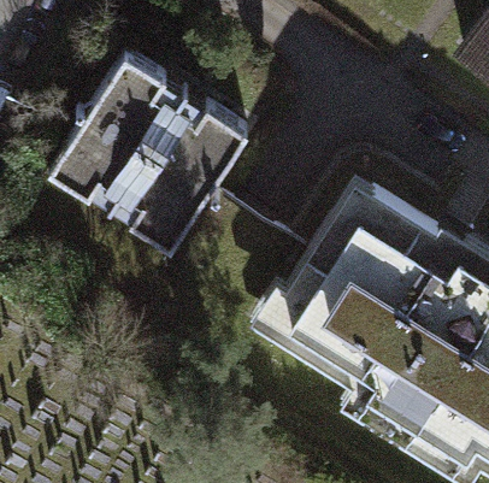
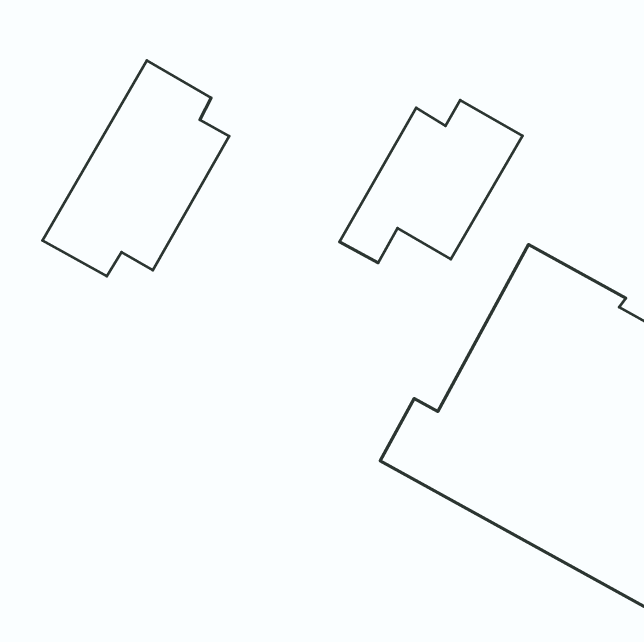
building: [119,106,247,213] -> [340,100,523,263]

